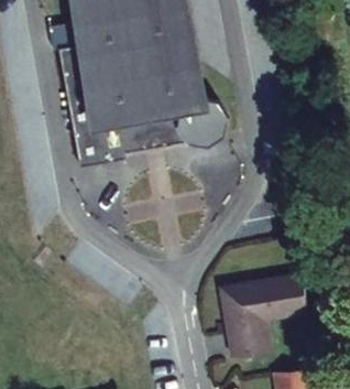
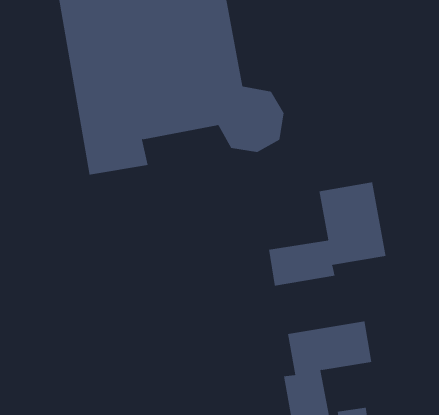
building: none -> [269,182,386,286]

